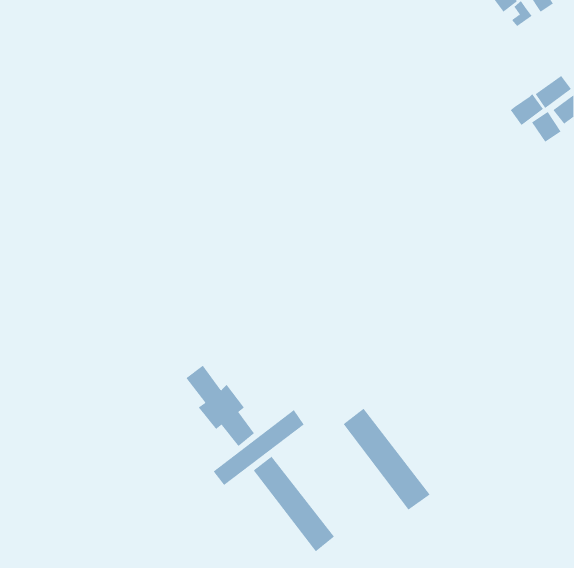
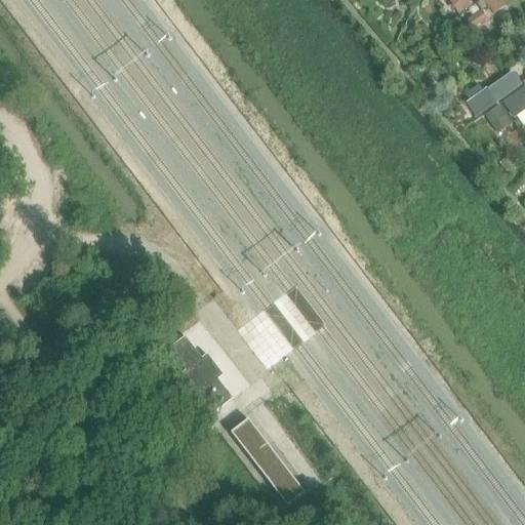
building: [343,408,430,510] -> none
building: [213,409,305,486] -> none

